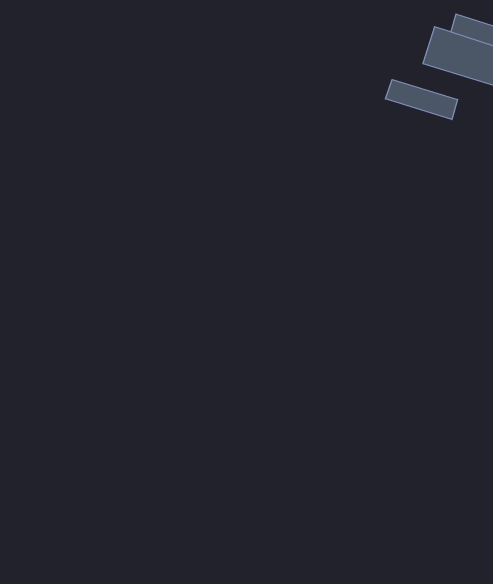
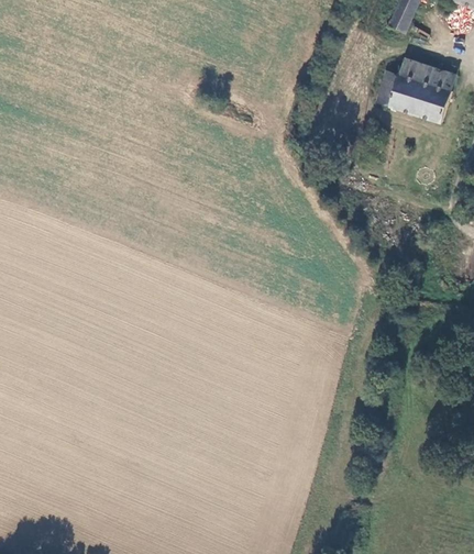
building: [385,80,458,120] -> none

